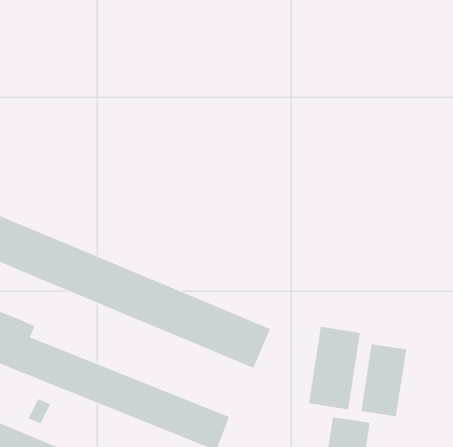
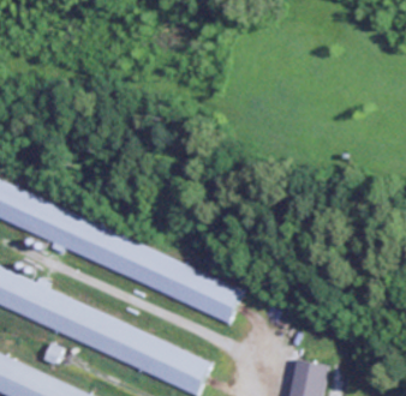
building: [308,326,361,410] -> none
building: [361,343,407,417] -> none

